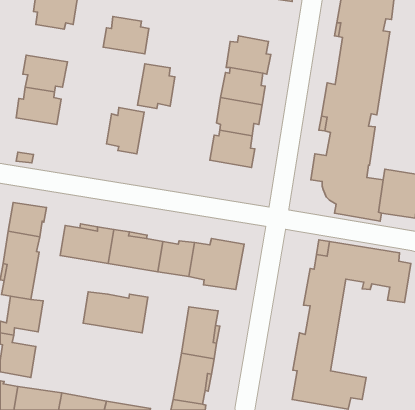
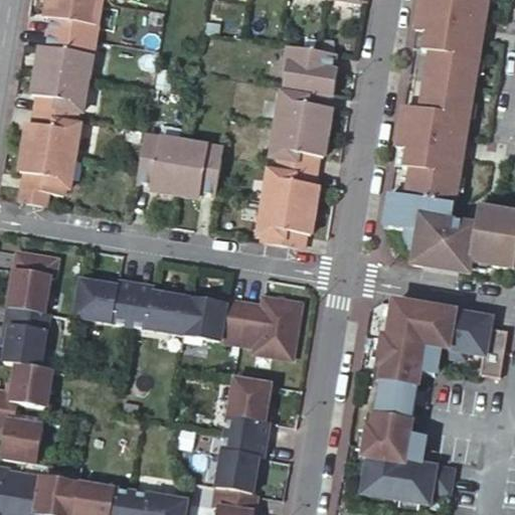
building: [103,16,149,54] -> [33,30,90,76]
building: [137,64,175,108] -> [170,139,216,194]
building: none -> [17,146,71,191]
building: none -> [255,198,312,244]
building: [83,292,148,333] -> none

